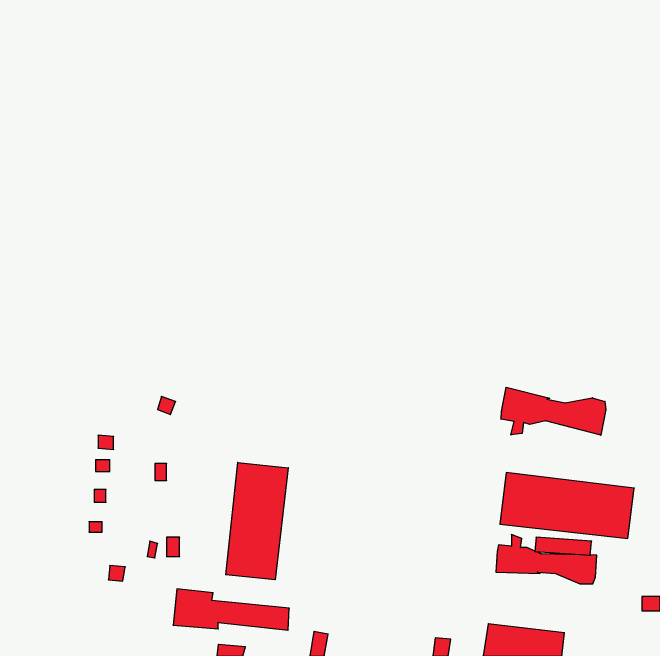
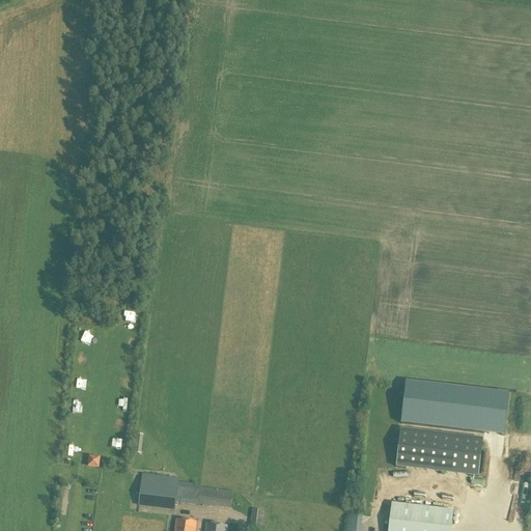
building: [501,387,606,435] -> none
building: [226,462,288,580] -> none

